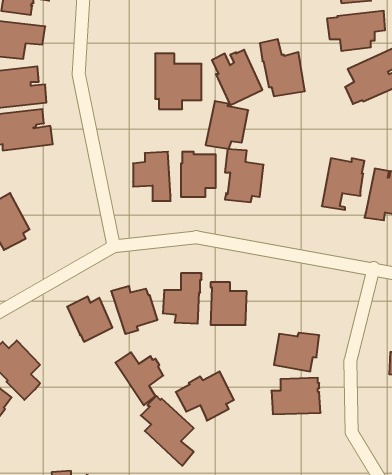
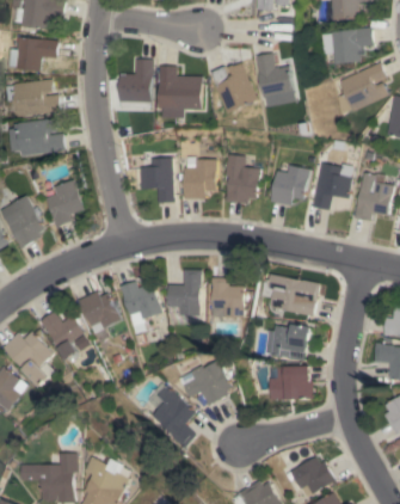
building: none -> [121,60,154,109]
building: [206,101,248,149] -> [270,161,309,205]
building: none -> [45,179,85,228]
building: none -> [258,275,319,316]
building: [115,352,163,405] -> [41,312,85,361]

